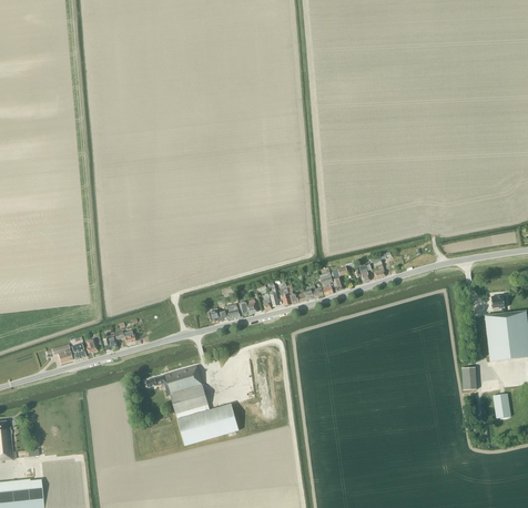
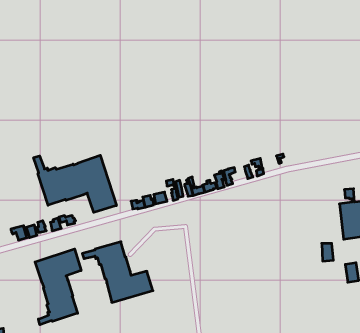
building: none -> [34,155,116,212]
building: none -> [35,249,81,325]

